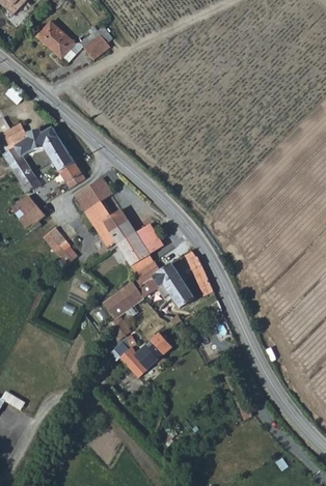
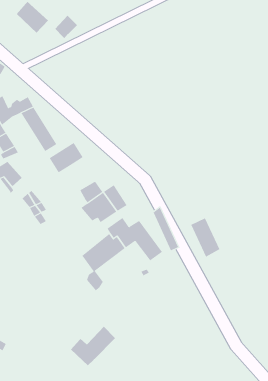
building: [83,199,125,245] -> none
building: none -> [191,217,220,258]
building: [126,333,176,377] -> [70,326,116,366]

